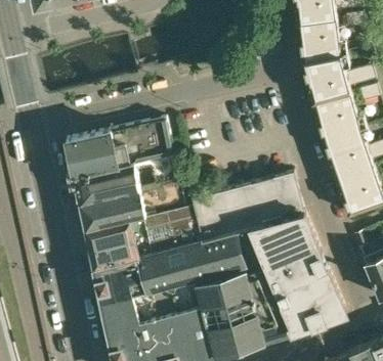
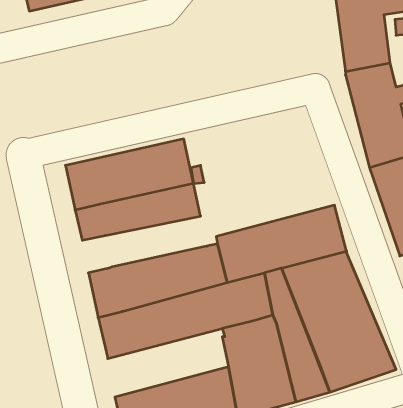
building: [80,186,185,234] -> none
building: [101,281,204,340] -> none

